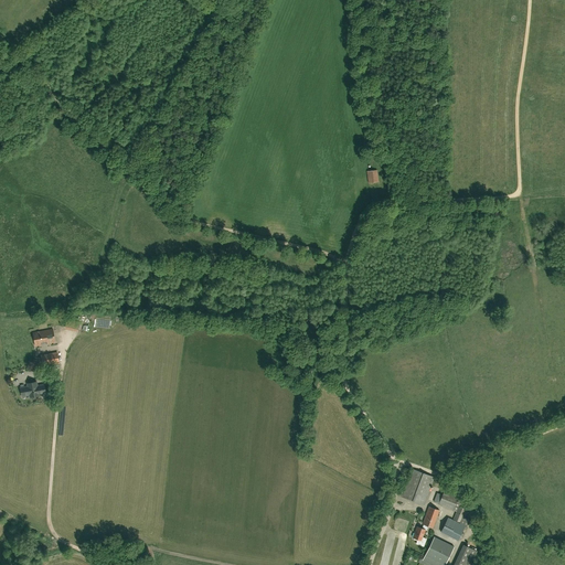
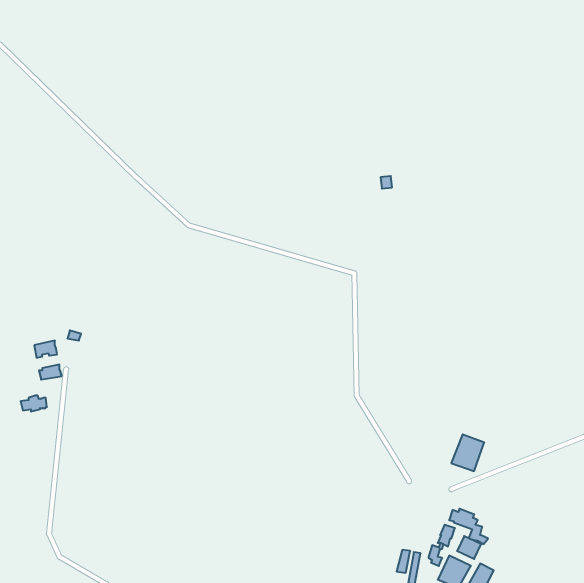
building: [402,470,434,505] -> [451,434,484,471]

